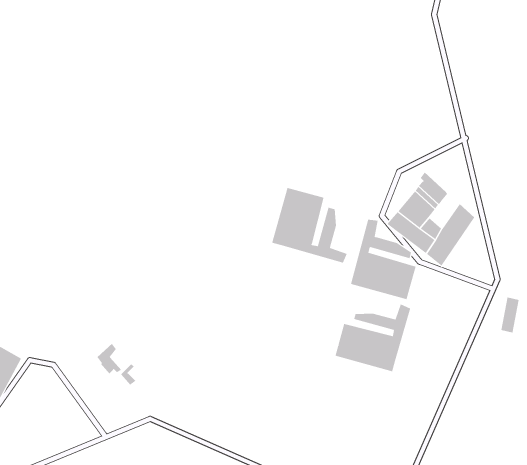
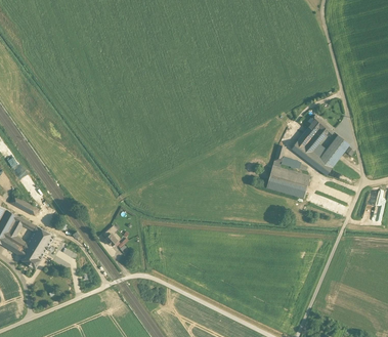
building: [271,187,348,264] -> none
building: [335,304,411,372] -> none

